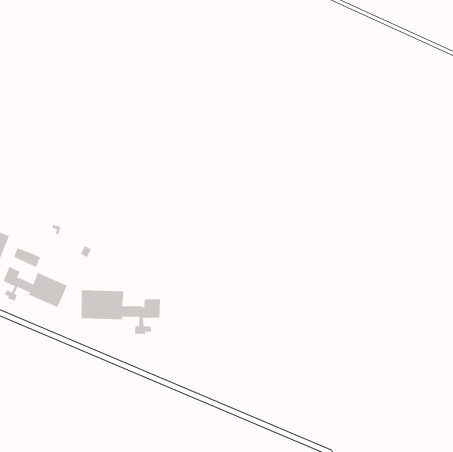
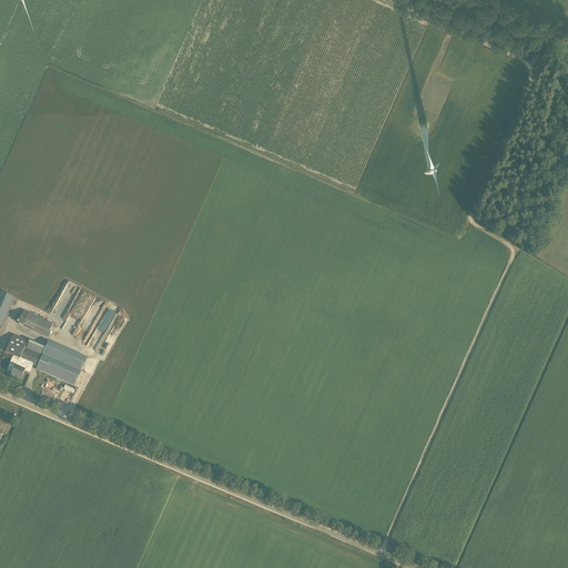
building: [81,290,160,335] -> none

